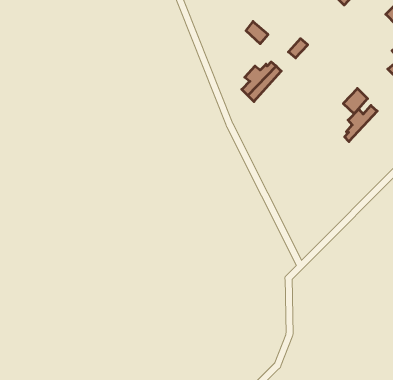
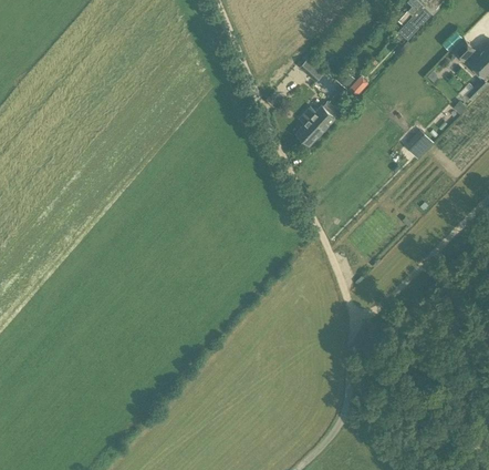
building: [345,105,377,142] -> none

